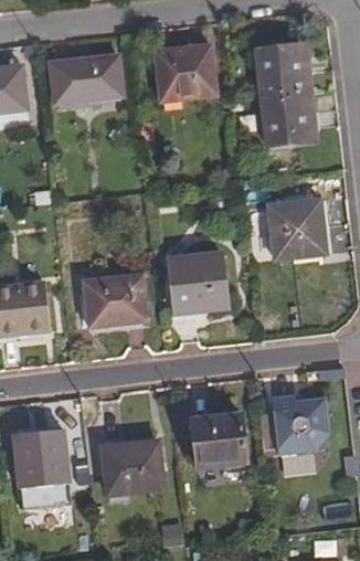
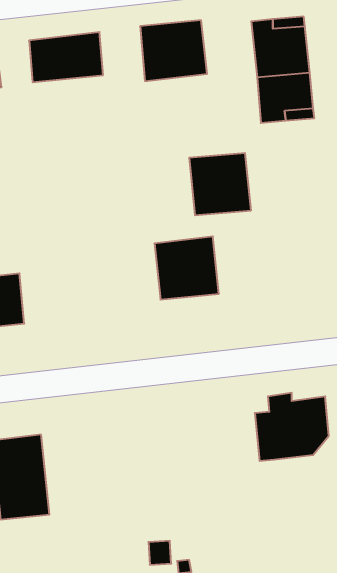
building: [271,204,328,262] -> [189,153,251,215]
building: [84,273,146,324] -> none
building: [192,413,246,468] -> none
building: [104,441,163,494] -> none

